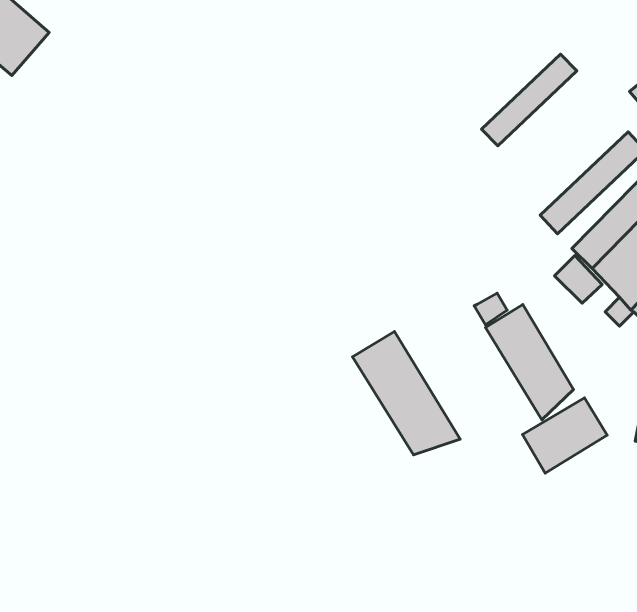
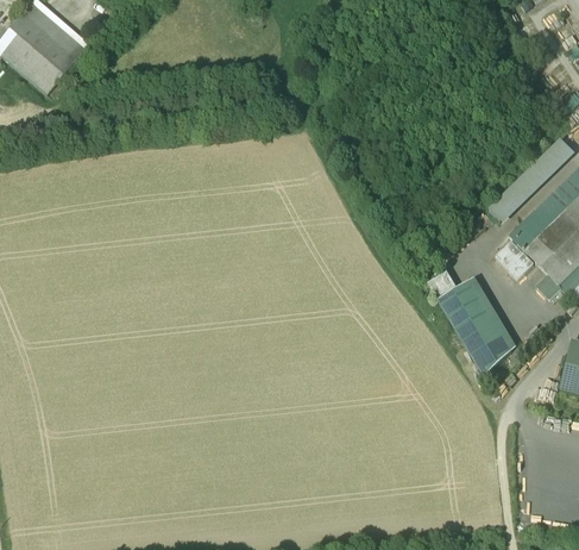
building: [482,54,577,146] -> none
building: [352,331,460,455] -> none
building: [522,398,607,473] -> none

